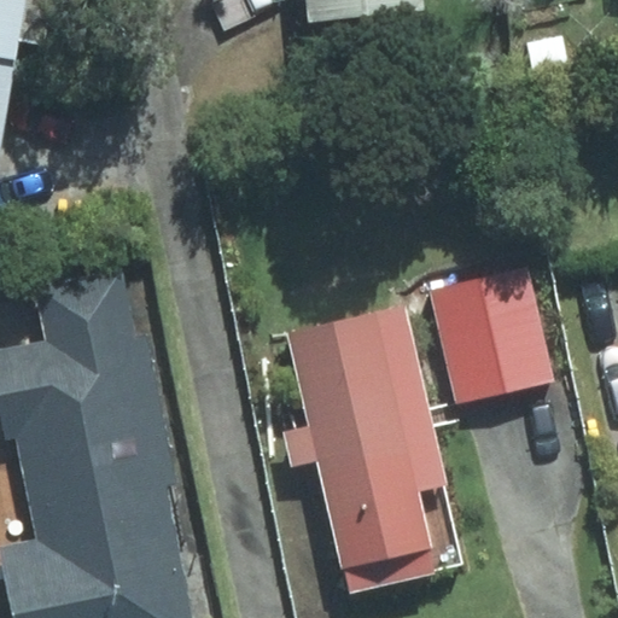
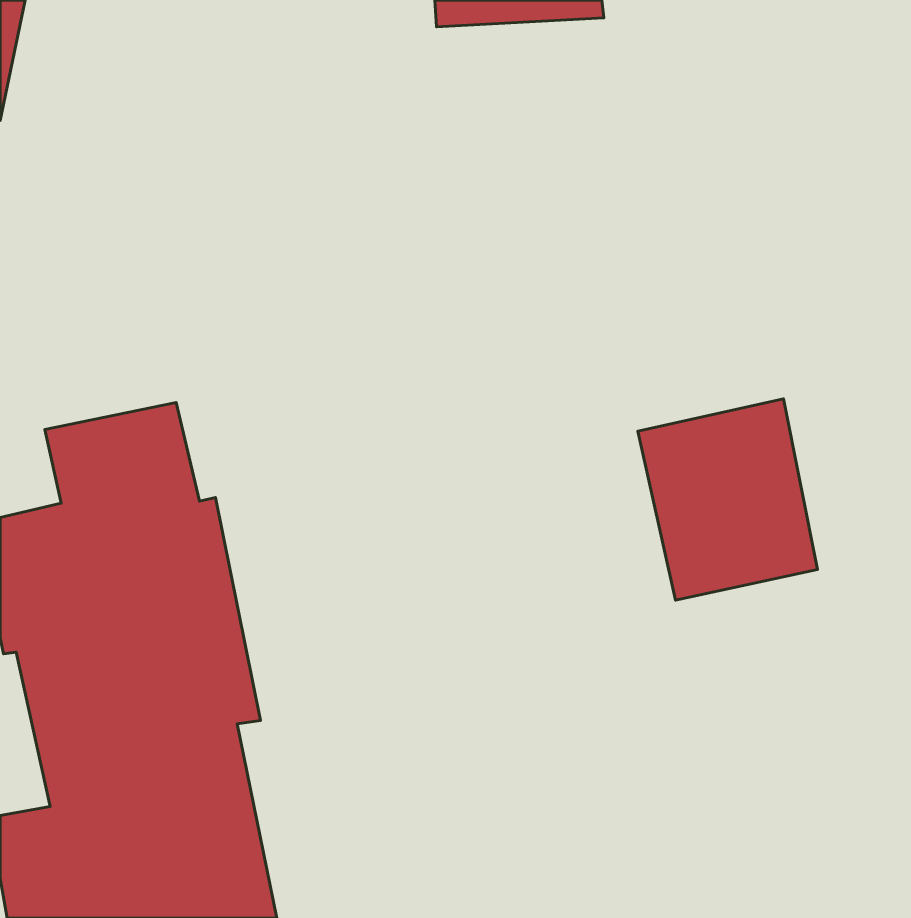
building: [282,305,447,572] -> none

